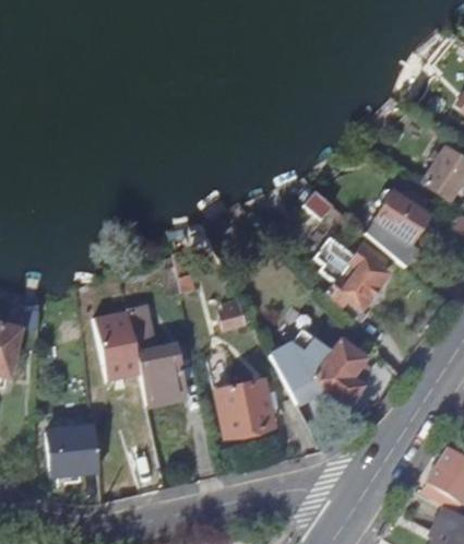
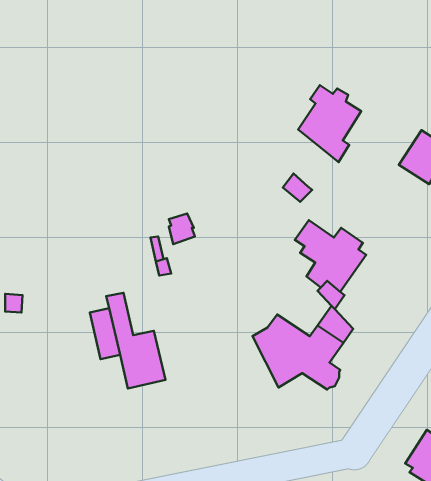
building: [366,187,429,264] -> [298,85,361,162]
building: [215,381,278,439] -> none
building: [48,425,102,475] -> none

